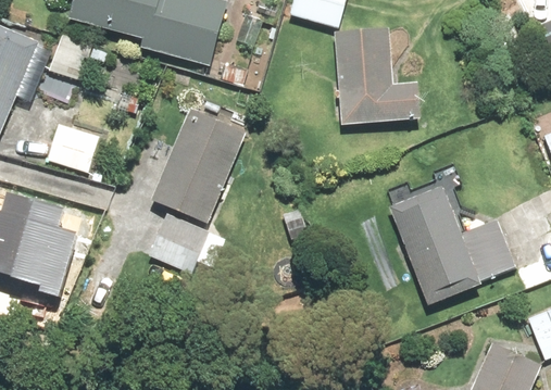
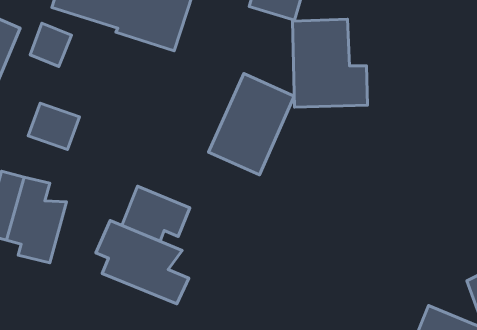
building: [150,110,245,222] -> [208,73,294,175]
building: [388,181,513,301] -> none
building: none -> [96,221,189,304]

